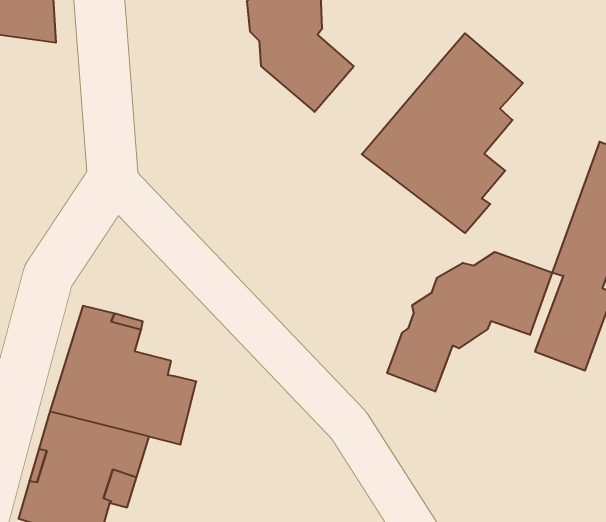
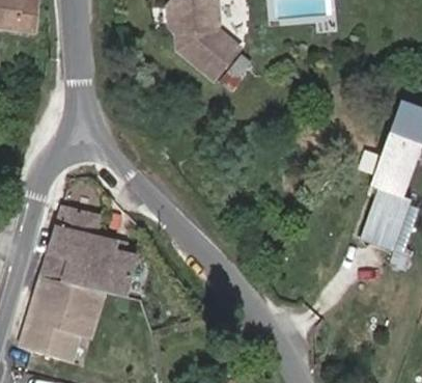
building: [362,33,523,233] -> none
building: [387,252,552,392] -> none

